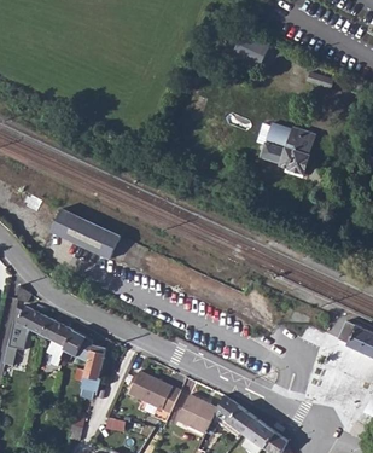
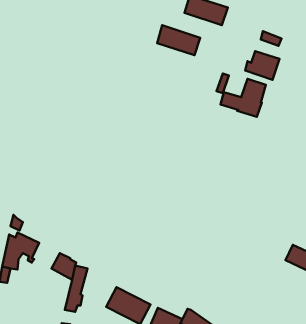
building: none -> [157,25,200,55]
building: none -> [245,51,280,80]
building: [49,209,120,257] -> none
building: [40,318,72,366] -> none

